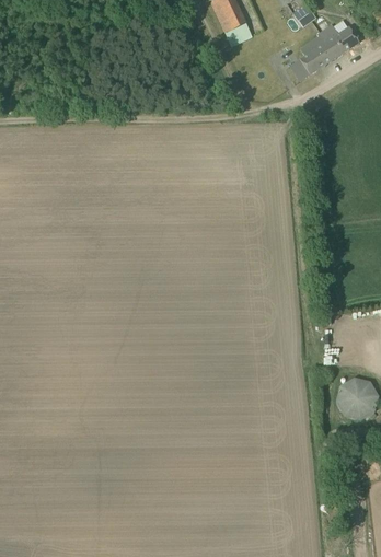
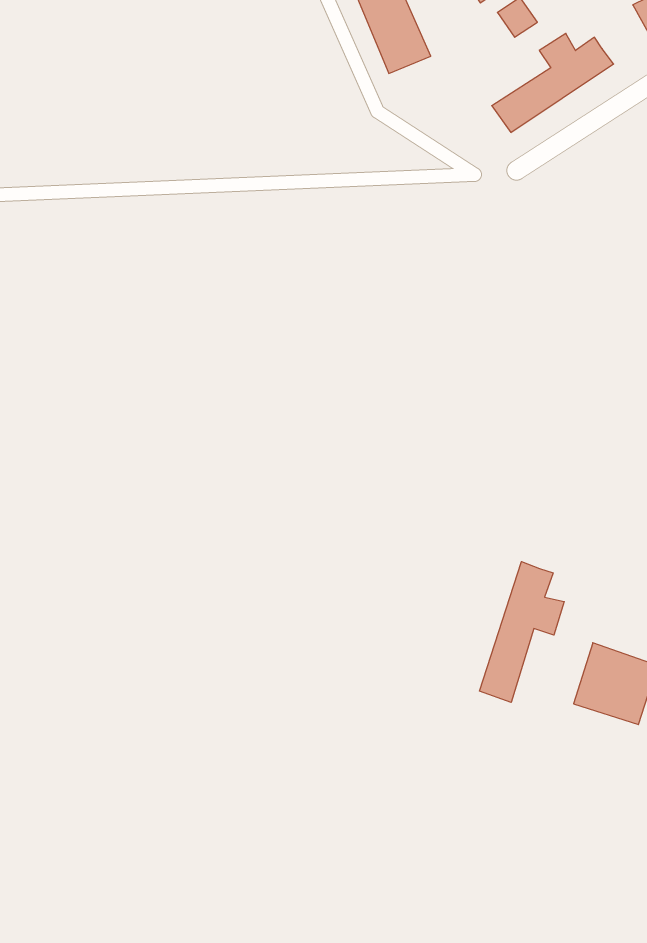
building: none -> [480,562,564,702]

